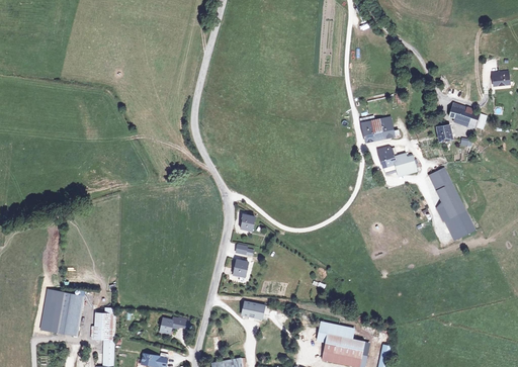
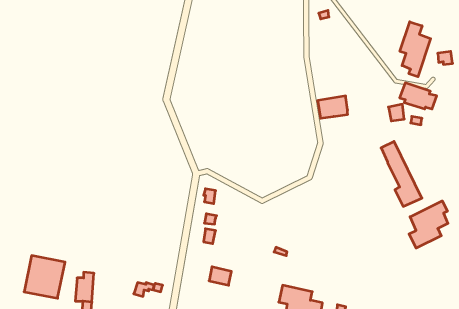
building: none -> [400,22,431,77]
building: [377,146,412,176] -> none
building: none -> [409,201,448,248]

